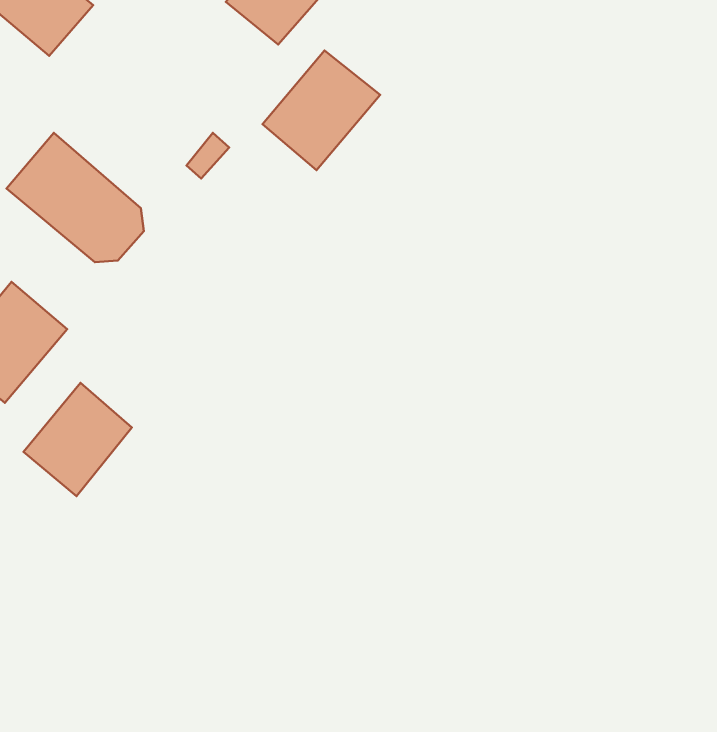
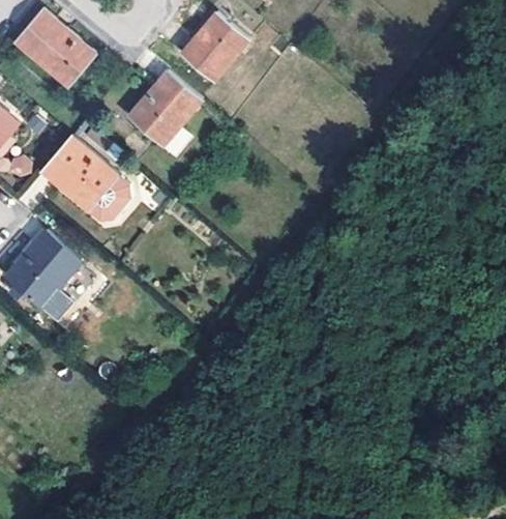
building: [262,51,380,170] -> [127,69,202,145]
building: [23,383,132,496] -> none

